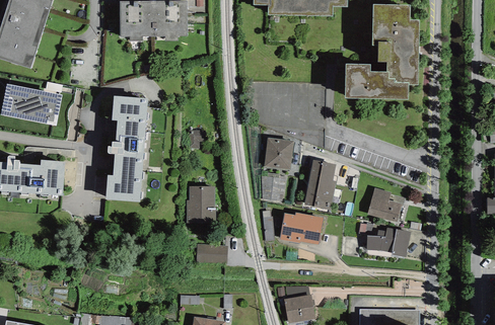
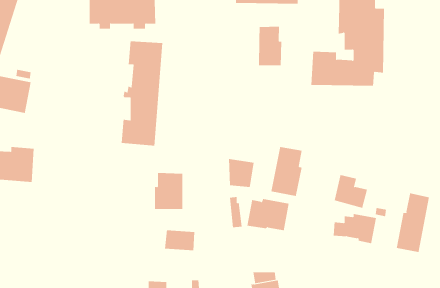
building: none -> [258,26,282,66]
building: [104,95,147,201] -> [121,41,163,146]
building: [264,138,293,169] -> none
building: none -> [396,192,430,253]

